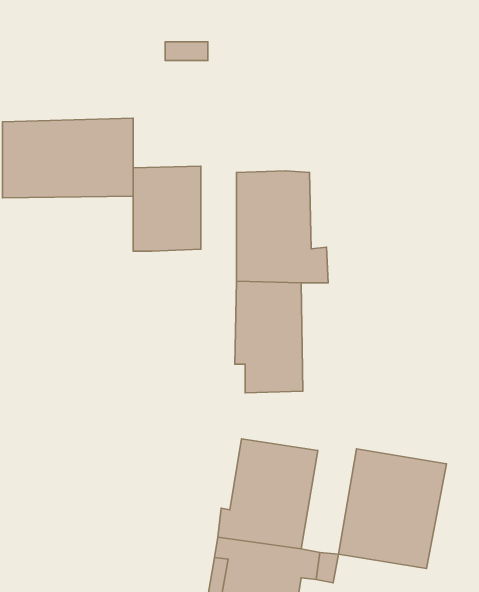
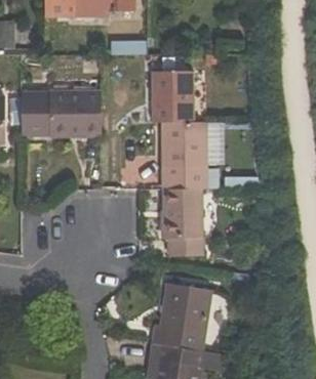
building: [133,166,201,251] -> [151,71,192,122]
building: [338,449,447,568] -> none

